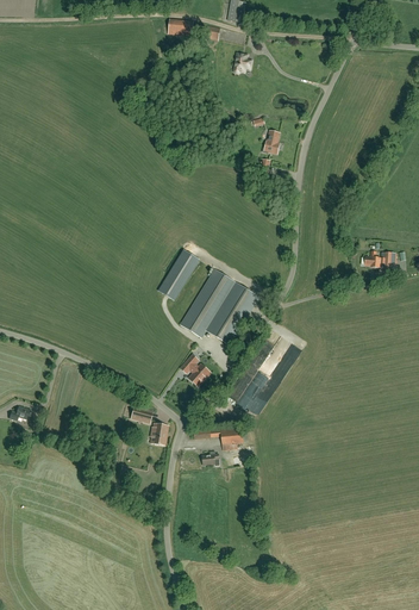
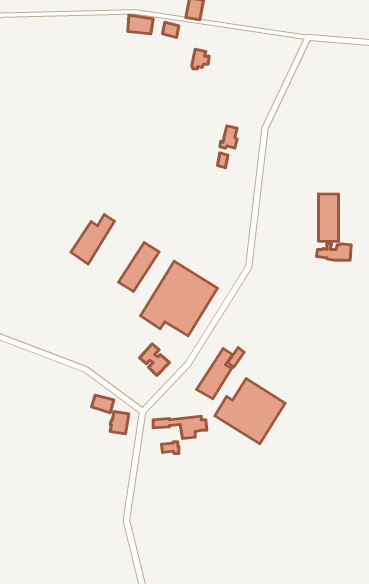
building: none -> [319,194,339,242]
building: none -> [71,214,114,264]
building: none -> [215,379,285,444]

